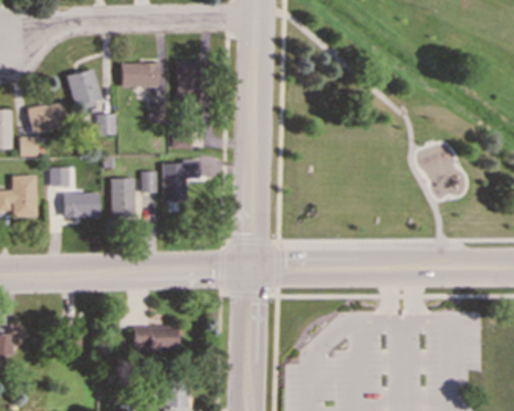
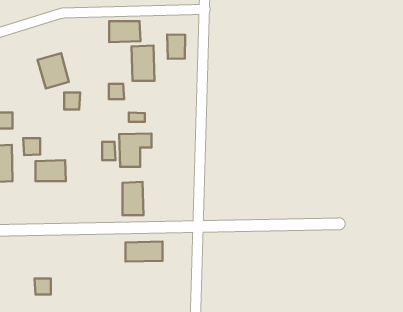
building: none -> [167,35,185,59]
building: [122,63,158,87] -> [109,21,141,42]
building: [29,103,67,133] -> none
building: [111,178,135,217] -> [122,182,143,215]
building: [134,326,177,349] -> [125,242,162,262]

